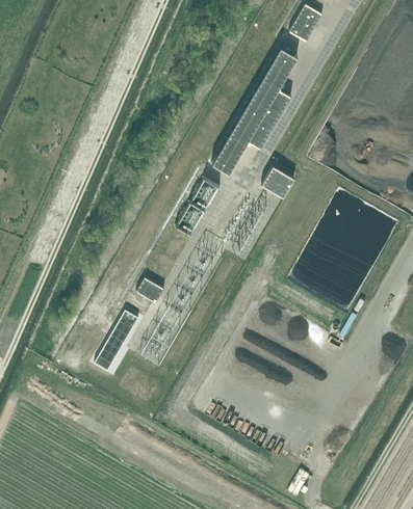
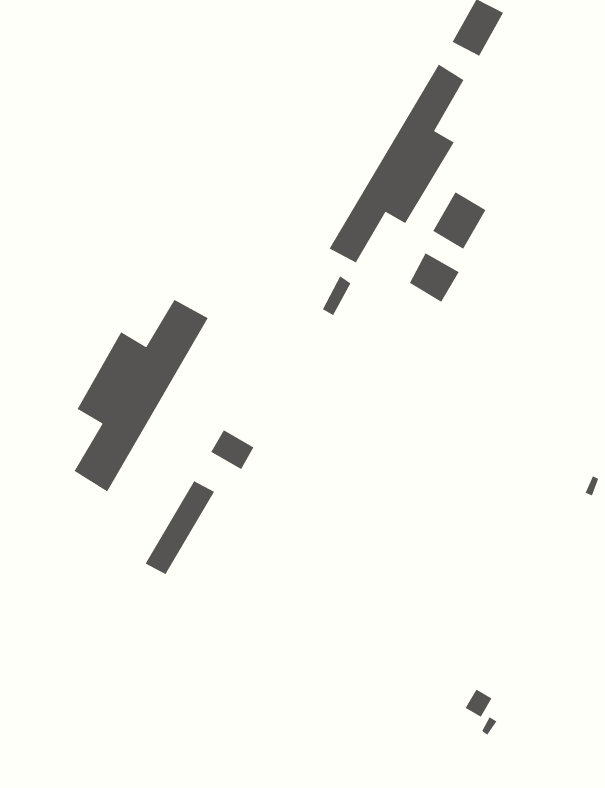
building: none -> [432,191,487,250]
building: none -> [73,299,209,493]

